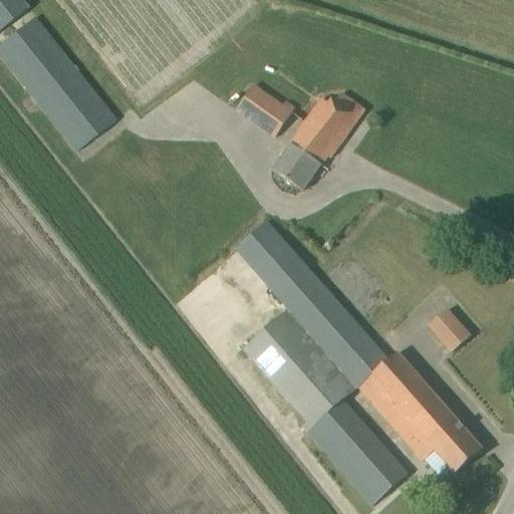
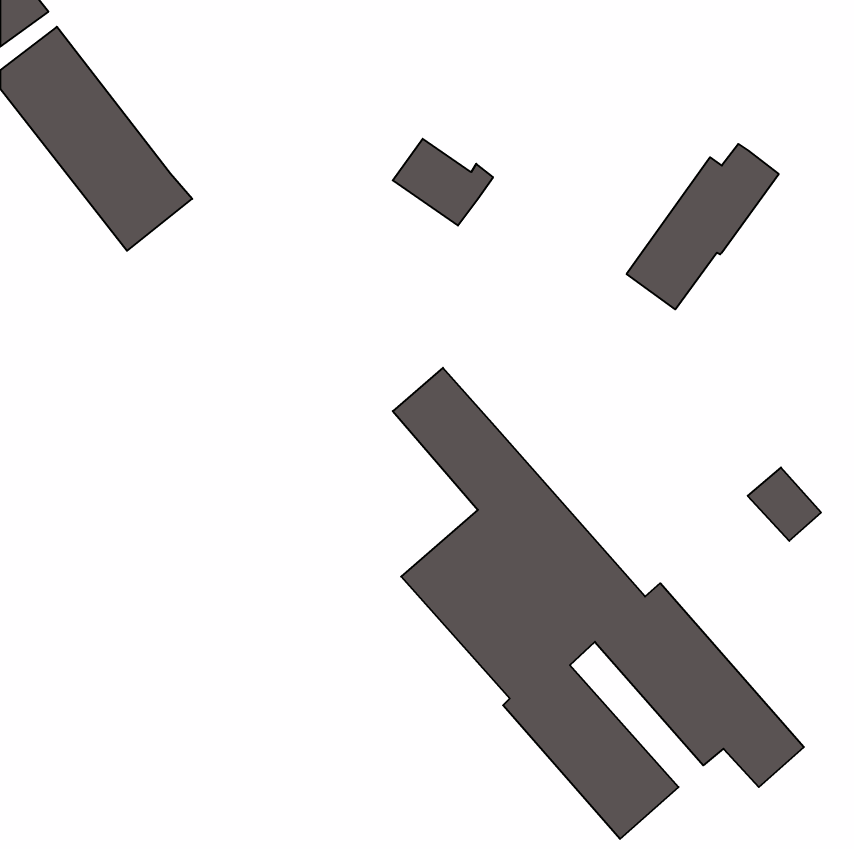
building: [273,90,364,190] -> [627,144,779,309]
building: [428,306,472,350] -> [748,467,821,541]

